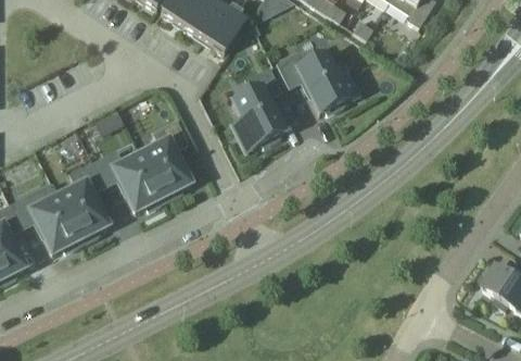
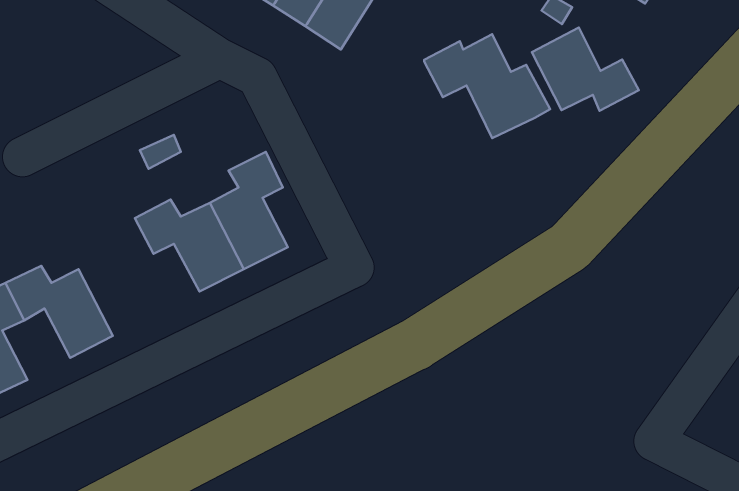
building: none -> [532,27,639,111]
building: [234,70,283,150] -> none
building: [58,162,107,237] -> none

